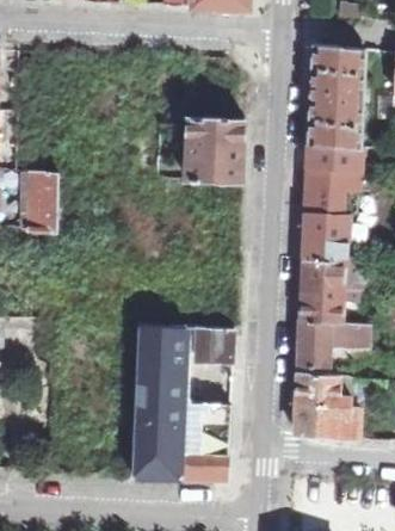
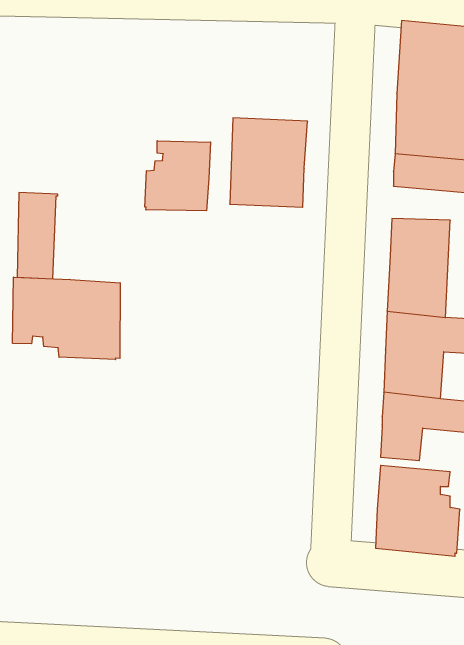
building: none -> [145,141,211,211]
building: none -> [13,277,120,360]
building: [132,325,234,480] -> none

